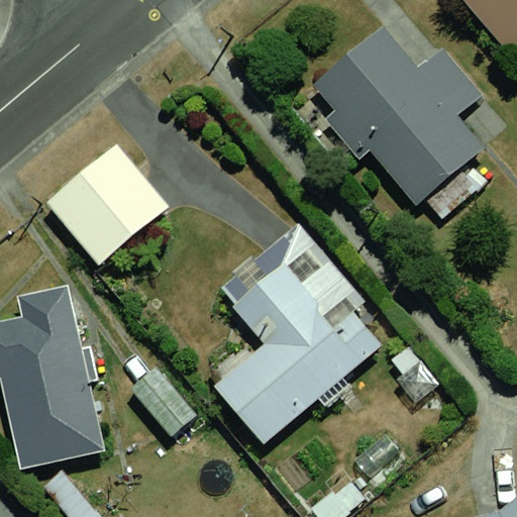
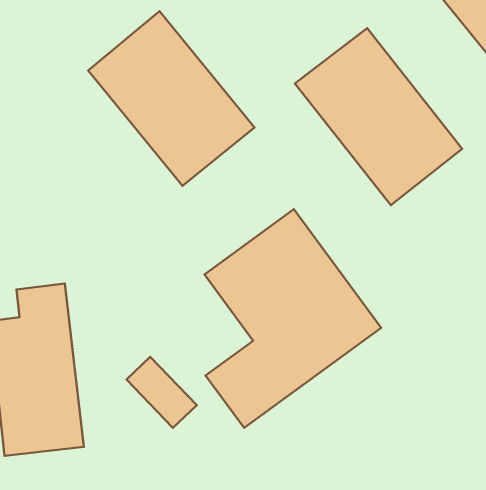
building: none -> [88,11,255,186]
building: [48,142,175,268] -> none

